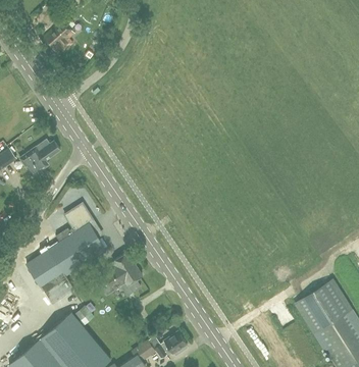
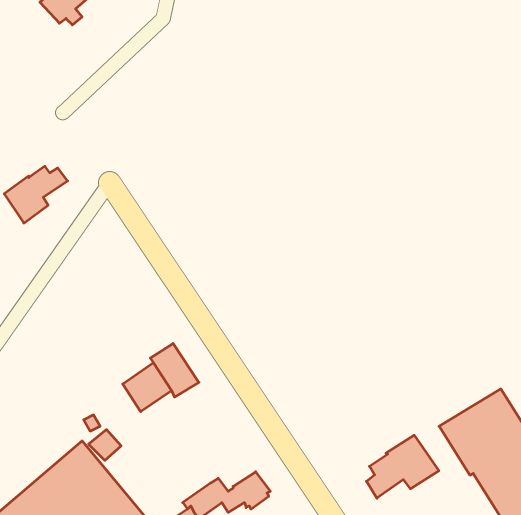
building: [27,223,106,291] -> none
building: none -> [366,435,439,498]

